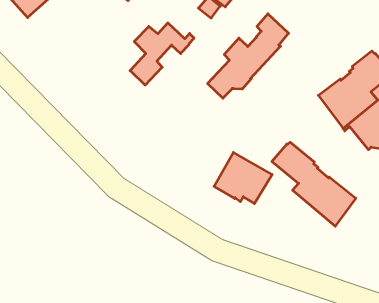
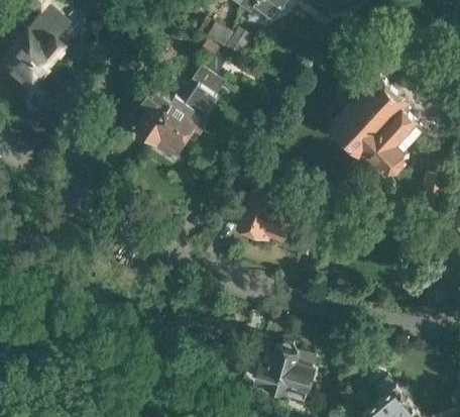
building: [208,14,289,98] -> [152,73,225,163]
building: [272,142,356,226] -> none

